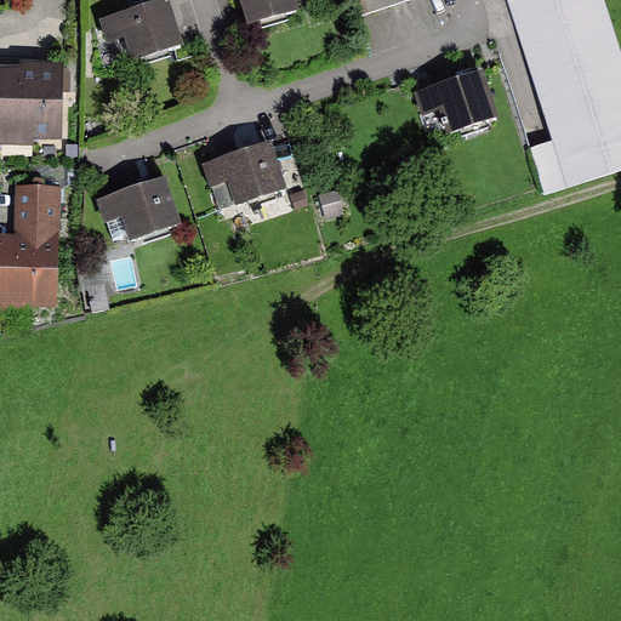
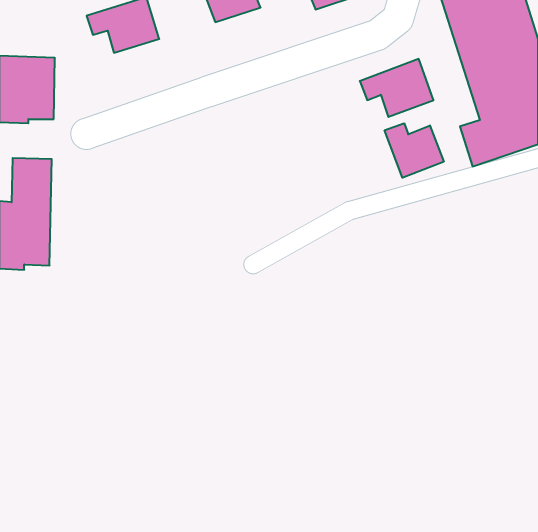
building: [203,141,286,205] -> none
building: none -> [385,123,444,178]
building: [97,175,182,241] -> none

